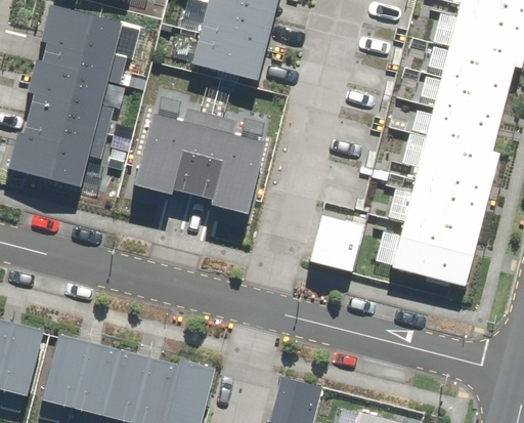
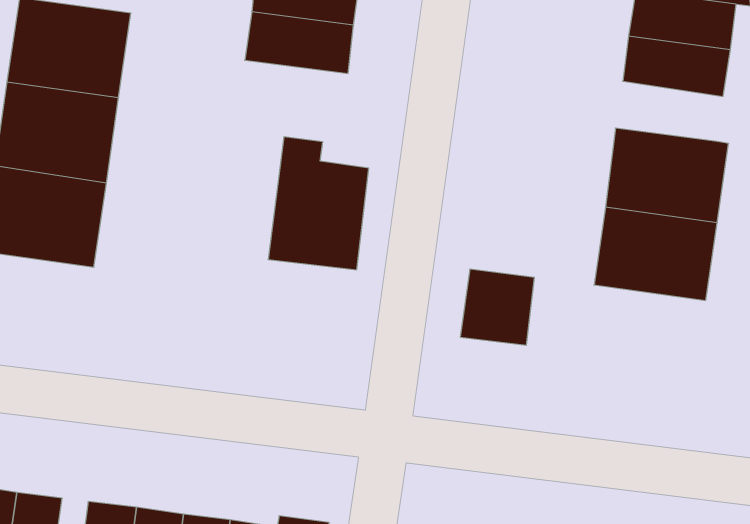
building: [426,107,497,153] -> none
building: [137,111,212,195] -> none
building: [392,236,471,284] -> none

